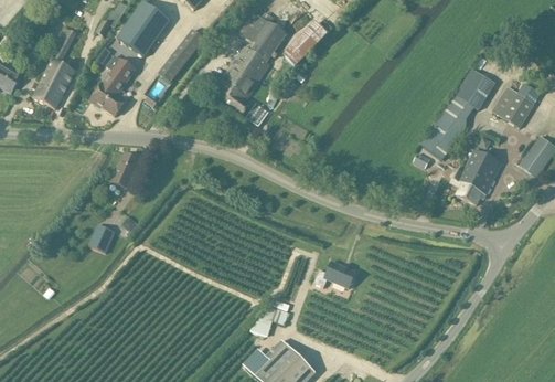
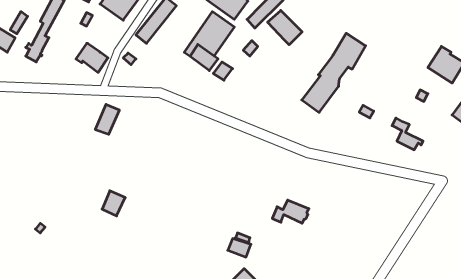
building: none -> [268,10,302,45]
building: [104,55,136,92] -> none
building: [45,63,75,108] -> none
building: [421,67,494,158] -> [302,33,366,112]
building: [463,149,502,193] -> none
building: [89,223,116,252] -> [102,191,125,216]

